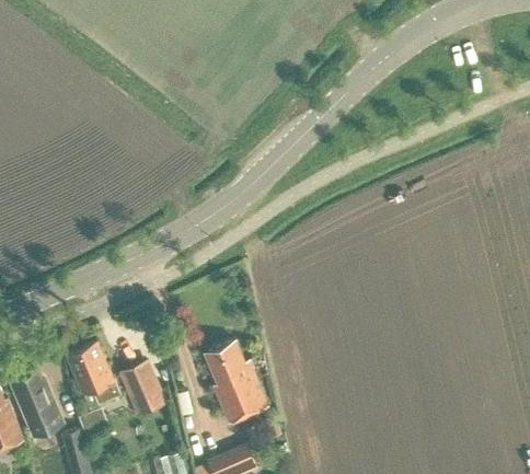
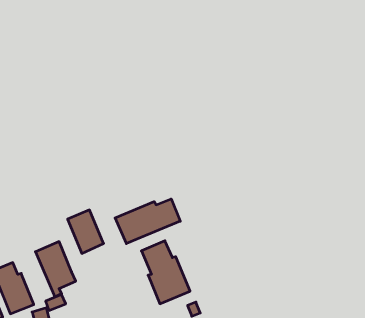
building: none -> [115,199,180,244]
building: [119,361,166,418] -> [68,210,104,253]

